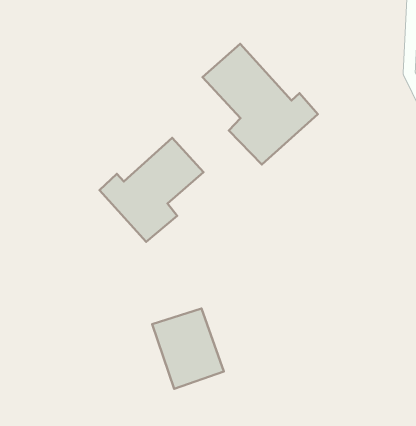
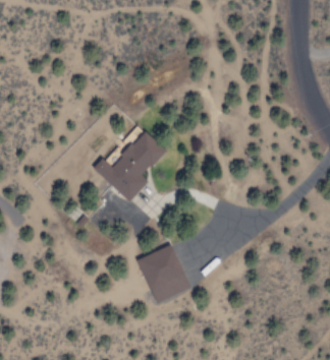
building: [203,44,318,165] -> none

